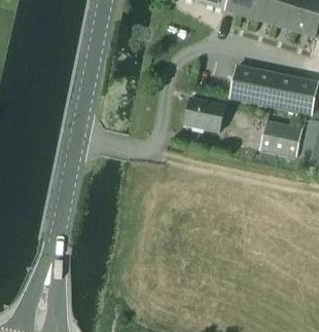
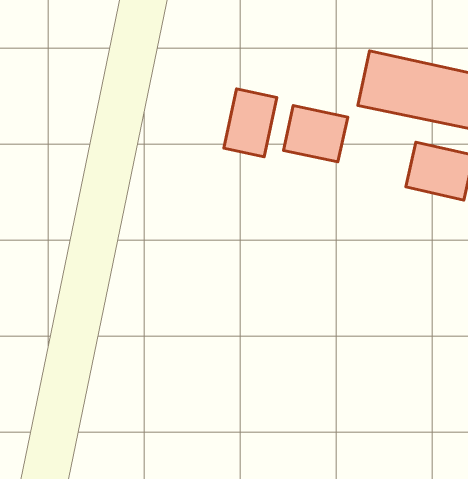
building: none -> [224,89,277,157]

